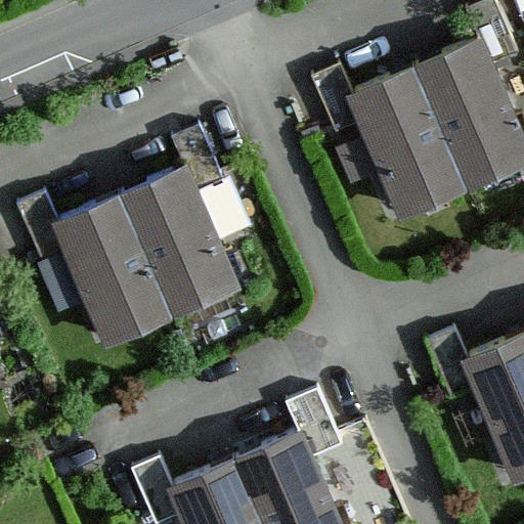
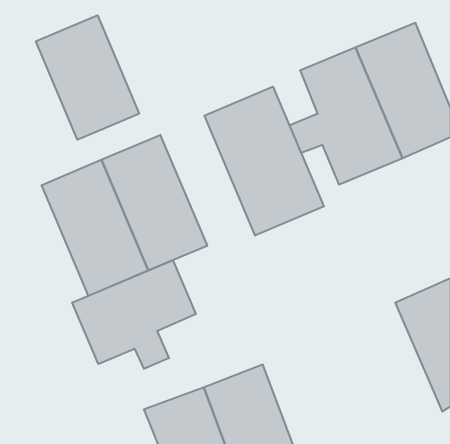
building: none -> [36,15,139,140]
building: none -> [204,87,324,236]
building: none -> [72,260,196,369]

